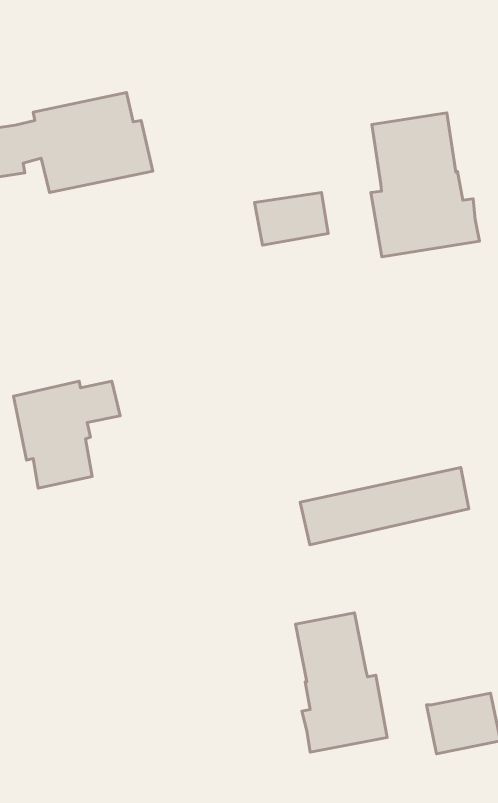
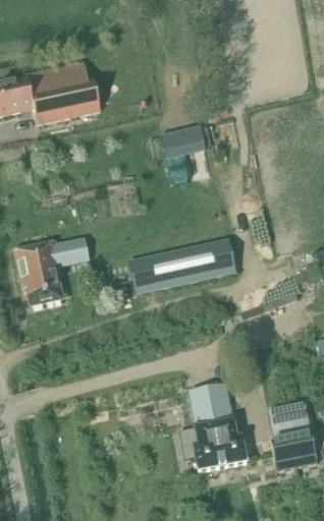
building: [371,113,480,257] -> none
building: [300,468,469,545] -> [129,246,234,294]
building: none -> [267,401,310,441]

